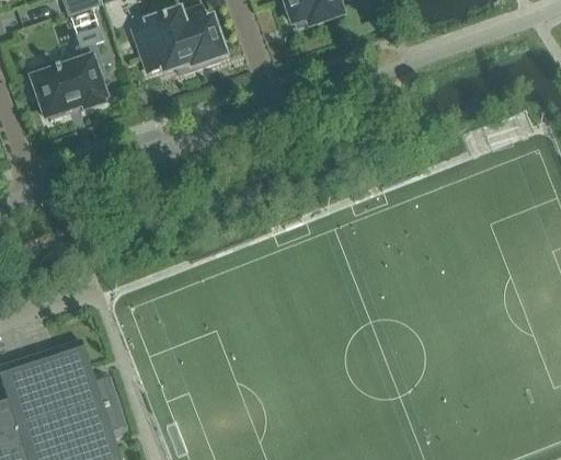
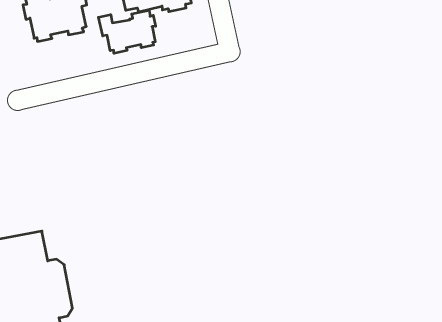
building: none -> [98,10,156,53]

